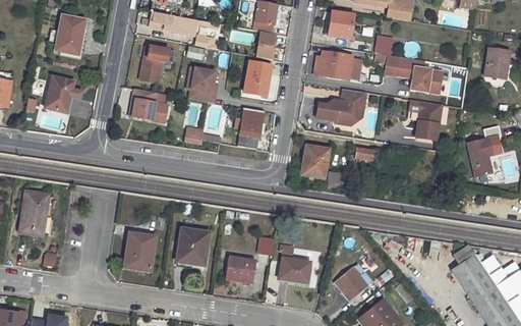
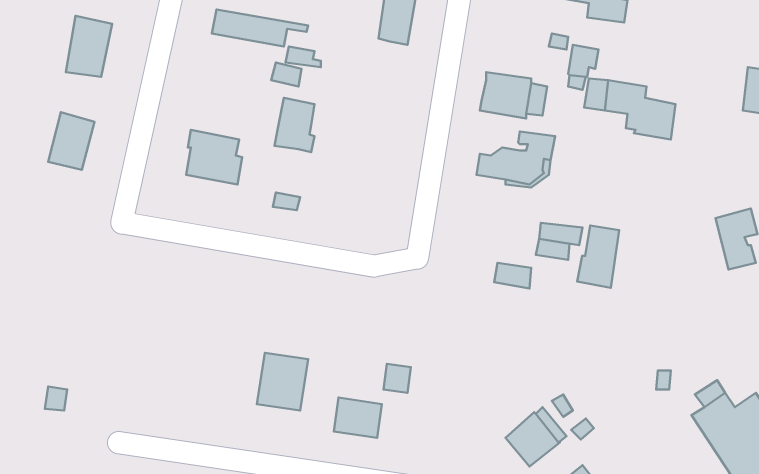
building: [328,11,352,39] -> none
building: [256,32,276,59] -> none
building: [139,46,174,82] -> none
building: [243,61,270,96] -> none
building: [415,101,442,141] -> [577,225,619,288]
building: [237,108,263,148] -> none
building: [301,146,328,177] -> none
building: [19,191,49,236] -> none
building: [125,234,154,269] -> none
building: [279,249,310,283] -> none

